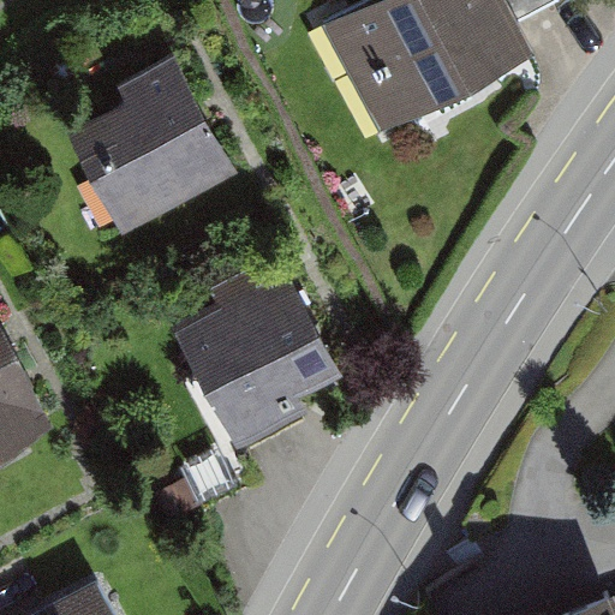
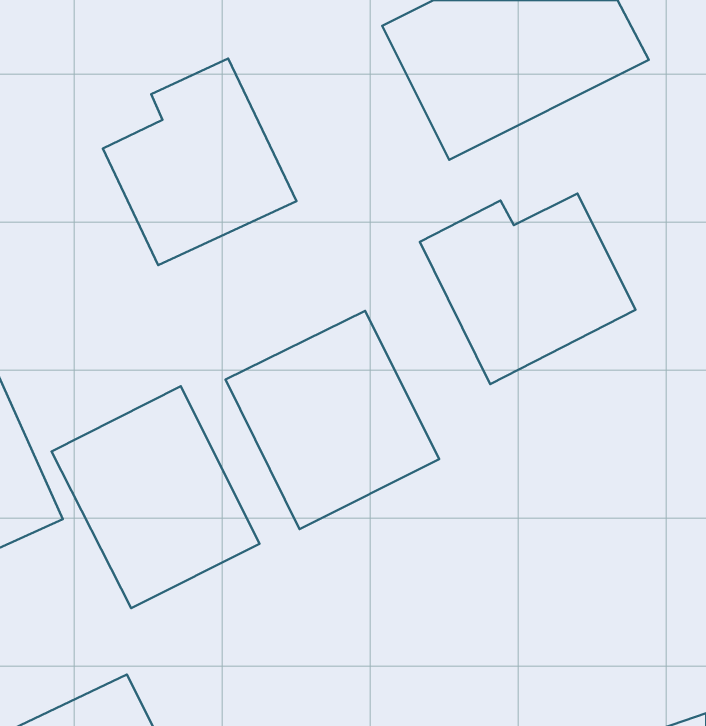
building: none -> [420,194,636,384]
building: none -> [52,386,260,608]

